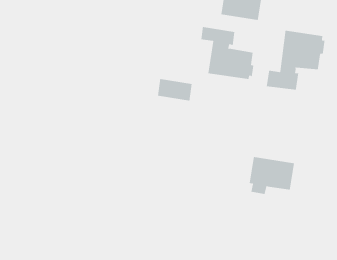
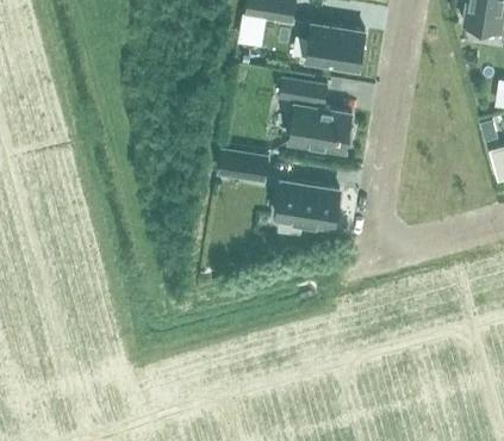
building: [266,30,325,91] -> none
building: [249,156,295,195] -> [276,182,340,235]

